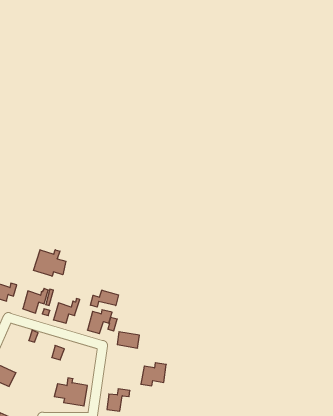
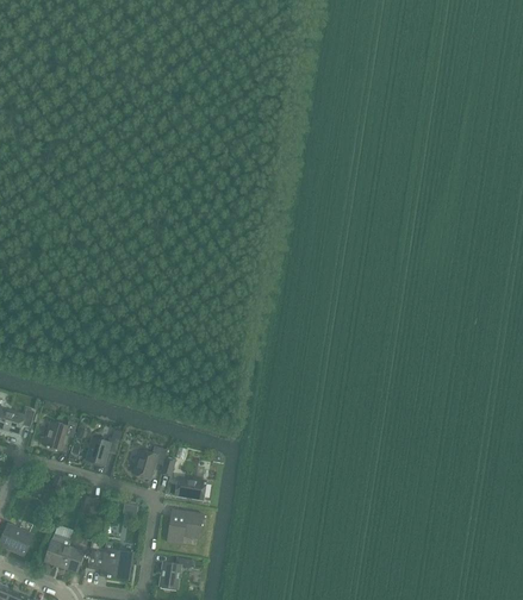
building: [34,250,66,276] -> none
building: [90,290,119,307] -> none
building: [141,363,166,386] -> [166,512,201,544]
building: none -> [45,533,83,571]

